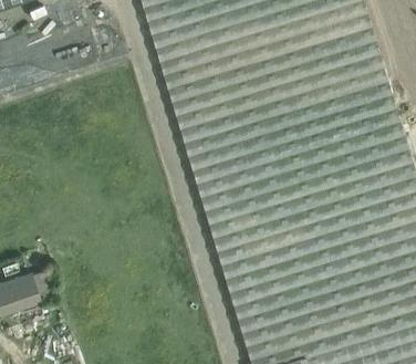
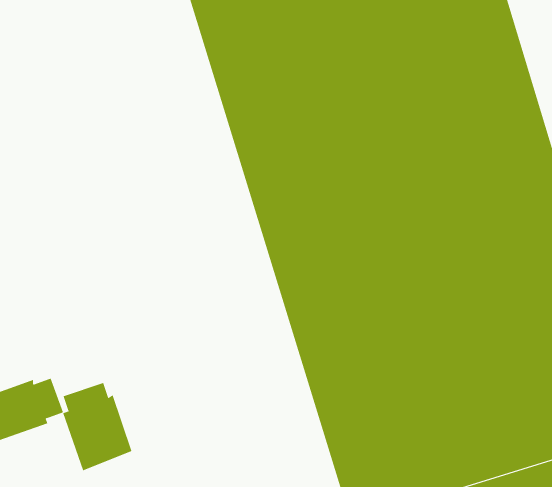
building: none -> [62,382,132,471]

